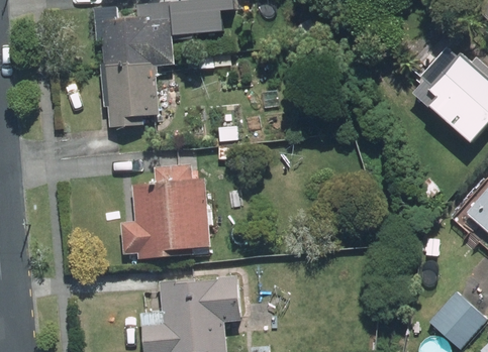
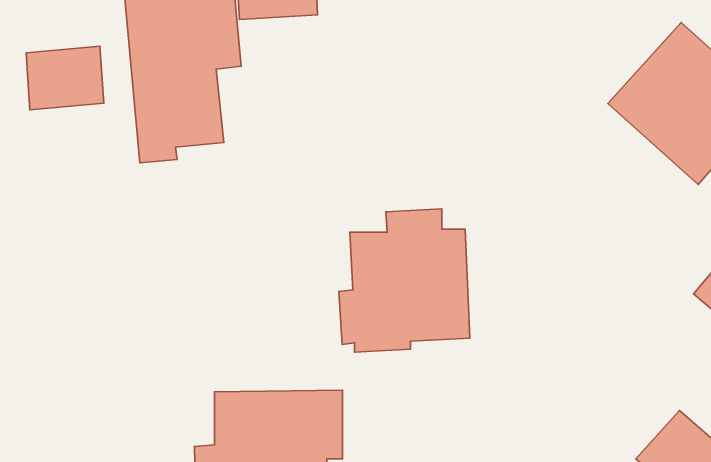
building: none -> [26,46,104,110]
building: [122,167,207,260] -> [339,209,470,352]

